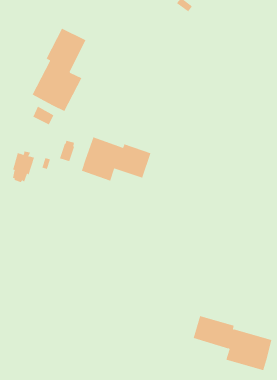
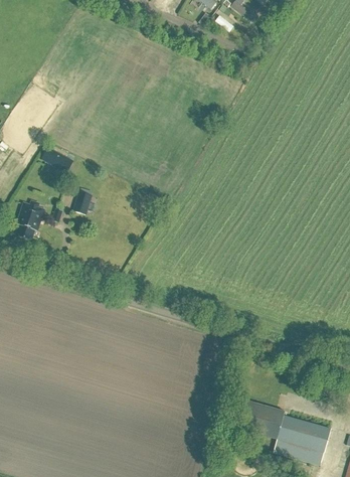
building: [32,28,86,112] -> none
building: [81,137,151,182] -> none

